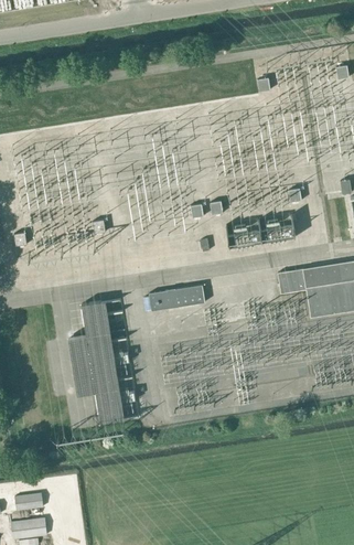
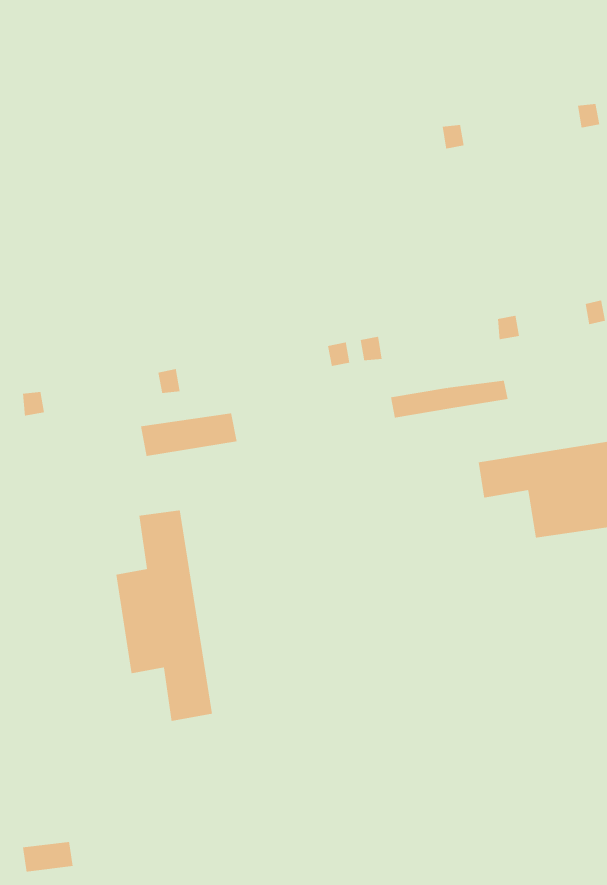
building: [149,285,205,310] -> [140,413,237,457]

